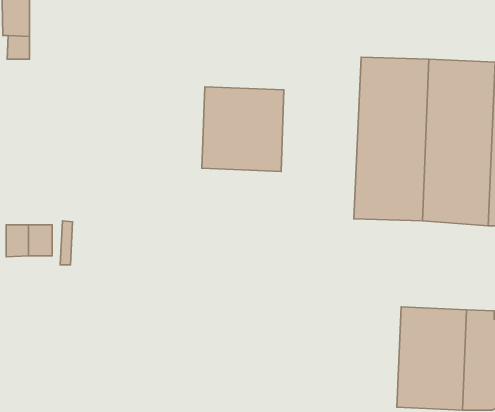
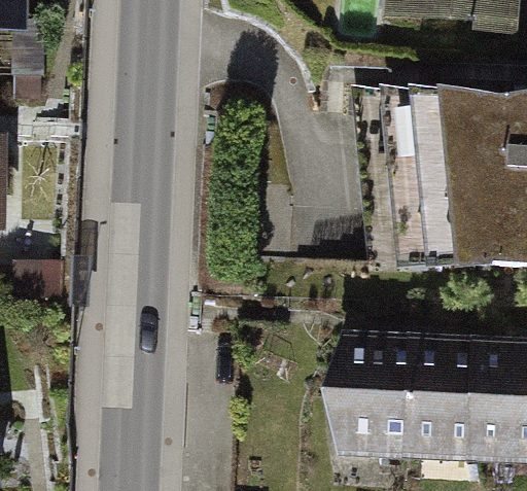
building: [202,87,284,171] -> none
building: none -> [341,345,424,447]

